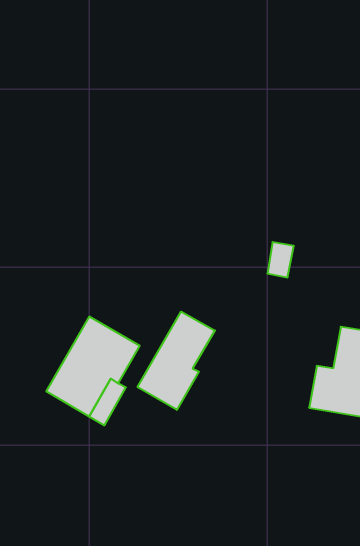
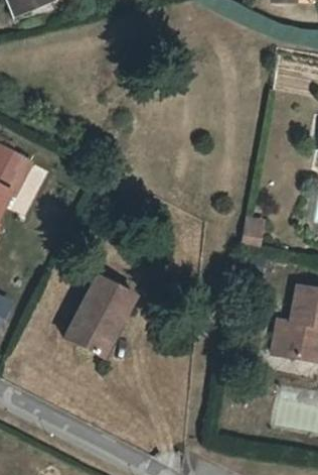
building: [138,312,215,410] -> none

